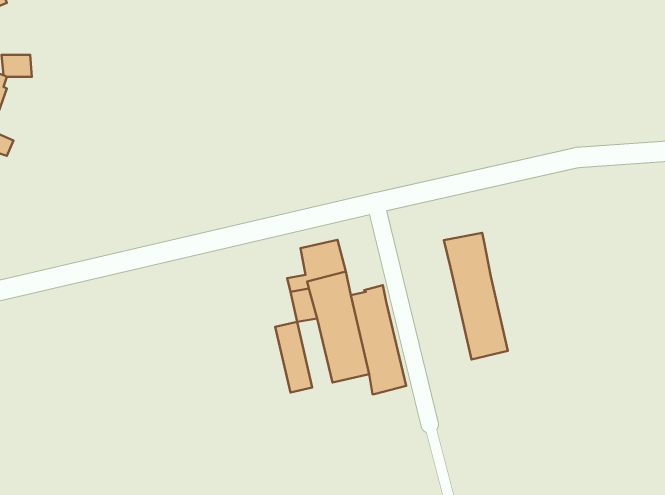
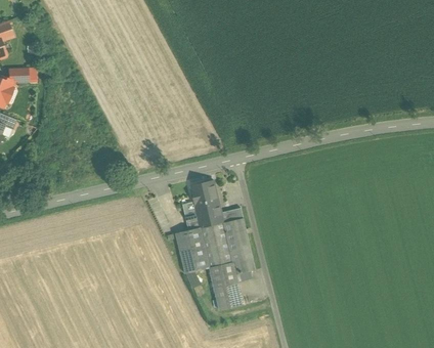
building: [444,233,508,360] -> none
building: none -> [210,262,243,310]

